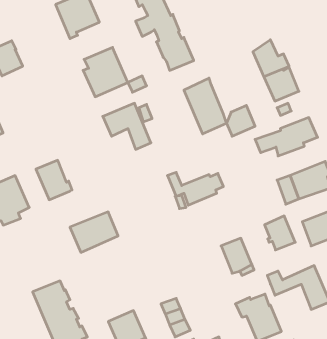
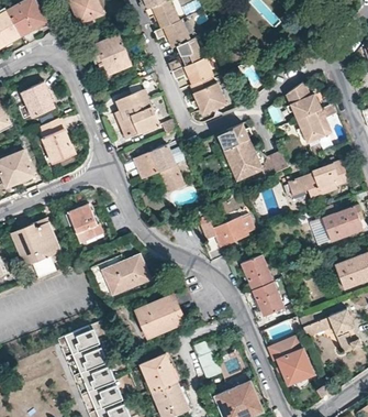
building: none -> [38,118,77,163]
building: [265,216,295,250] -> [243,254,274,288]
building: none -> [135,294,185,337]

